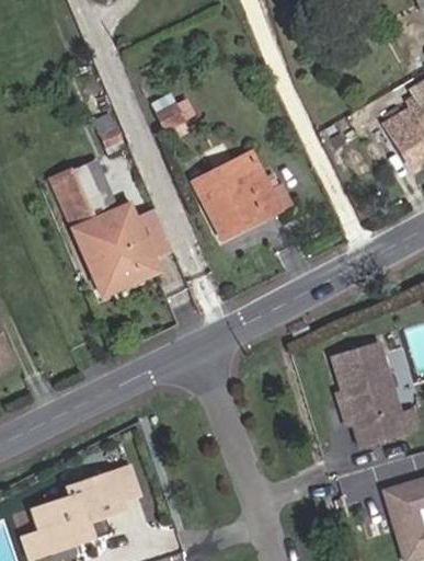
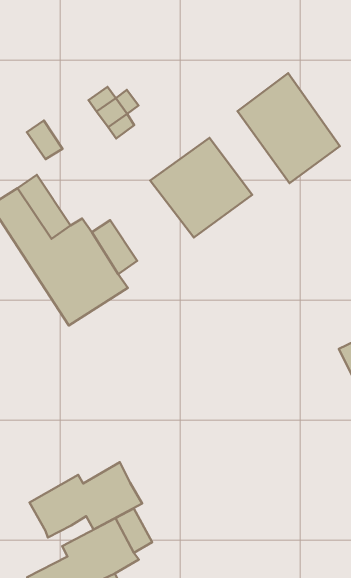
building: none -> [237,73,340,183]
building: none -> [29,462,142,537]

